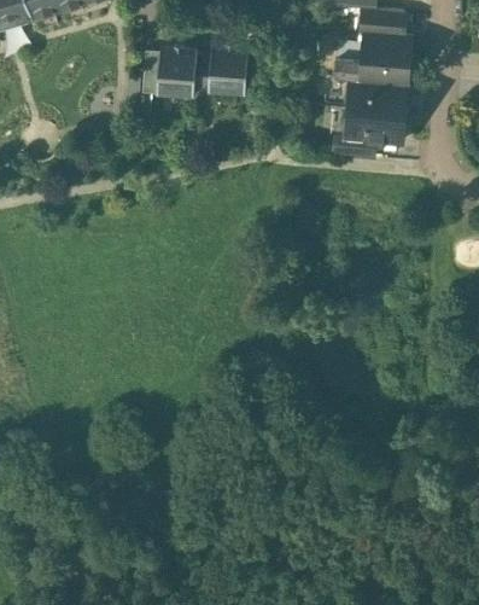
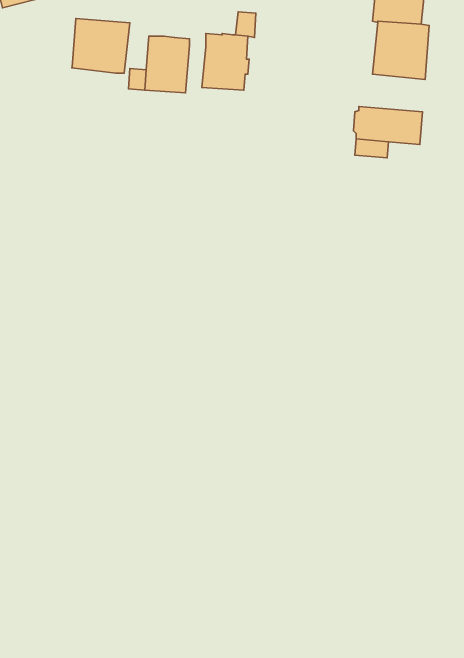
building: none -> [72,19,130,73]
building: [344,78,405,112] -> none

